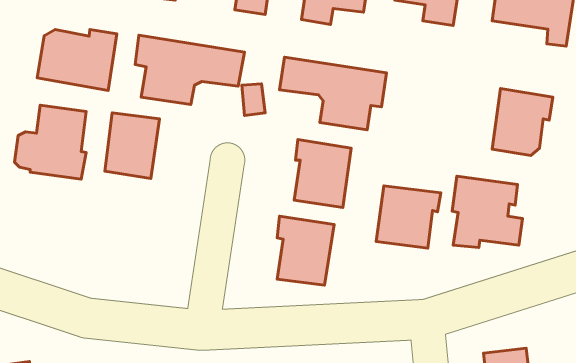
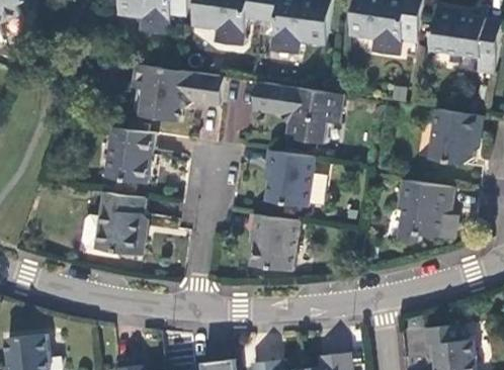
building: [37,29,117,90] -> none
building: [15,105,86,179] -> [84,193,144,255]
building: [376,186,441,248] -> none

